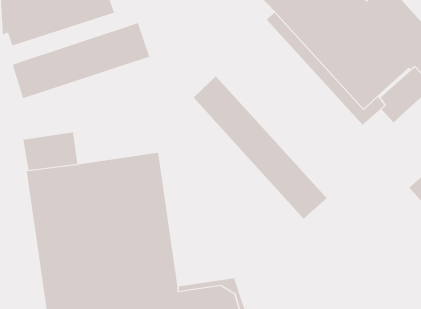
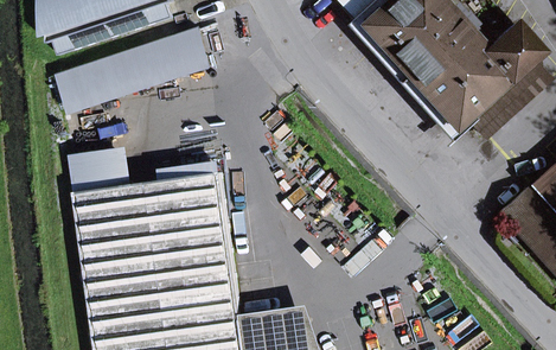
building: [193,76,328,220] -> none

